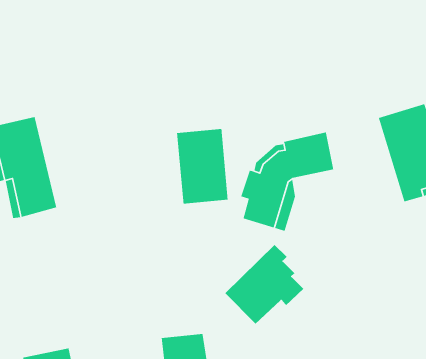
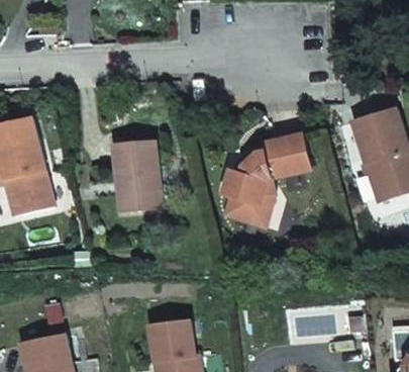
building: [176,128,229,204] -> [112,140,161,210]
building: [224,244,304,325] -> none

